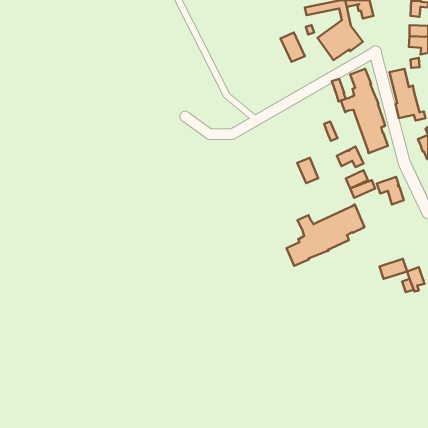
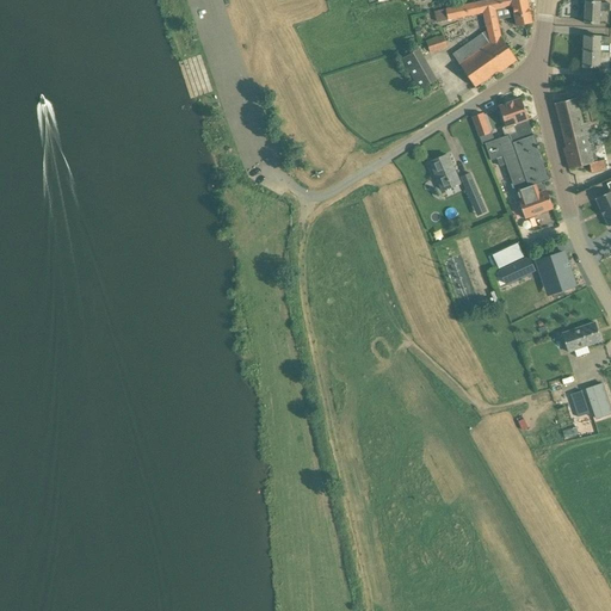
building: [337,147,363,167] -> none
building: [297,158,318,183] -> [430,154,459,190]
building: [287,204,365,266] -> none
building: [379,259,407,279] -> [562,322,601,351]

